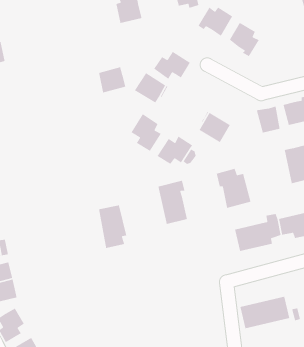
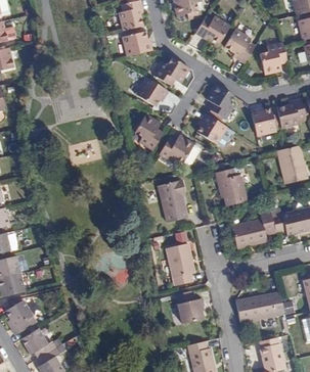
building: none -> [259,41,286,72]
building: [98,67,126,94] -> [123,31,149,56]
building: none -> [206,85,233,119]
building: [98,205,127,249] -> [167,242,194,284]
building: none -> [175,290,203,321]

